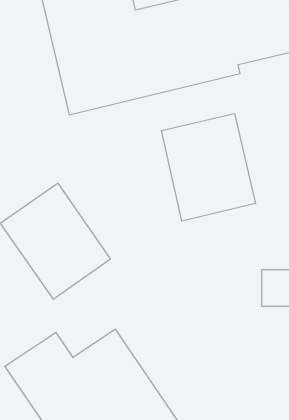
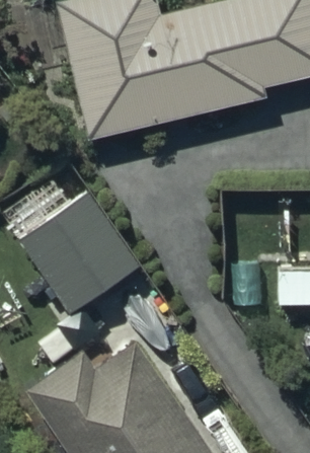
building: [161,114,256,221] -> none

